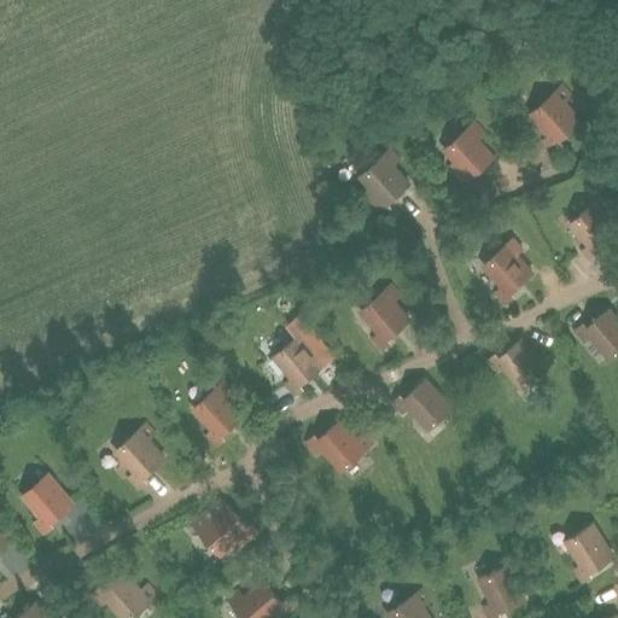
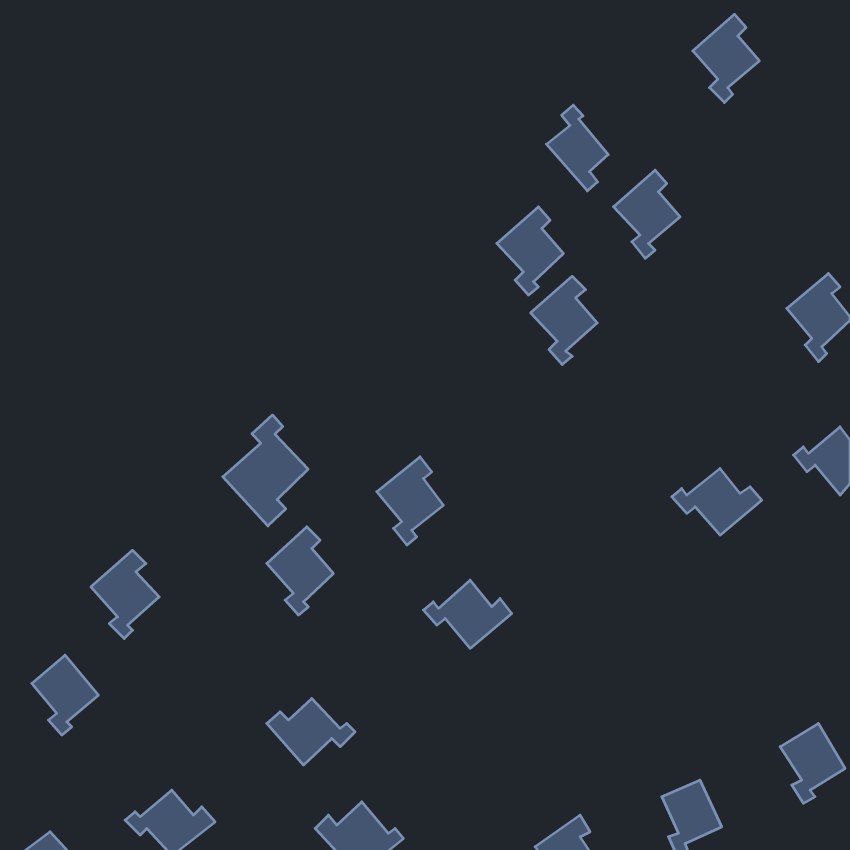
building: none -> [546,105,608,191]
building: [531,88,579,152] -> [693,14,759,103]
building: [483,240,531,304] -> none
building: [360,286,408,350] -> [531,276,597,365]
building: none -> [223,415,308,526]
building: [392,380,450,430] -> none
building: [115,425,164,489] -> [91,550,159,639]

